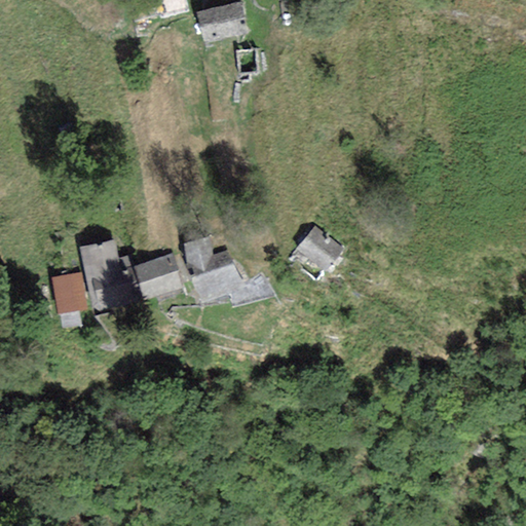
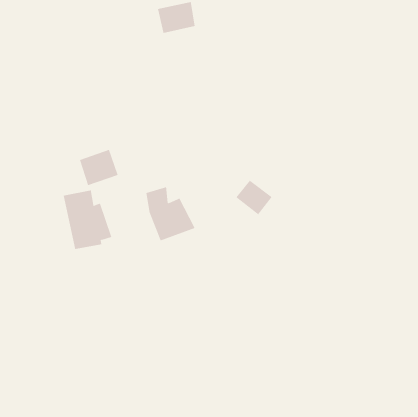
building: [134,253,183,299] -> [79,149,119,186]
building: [51,269,87,313] -> none

